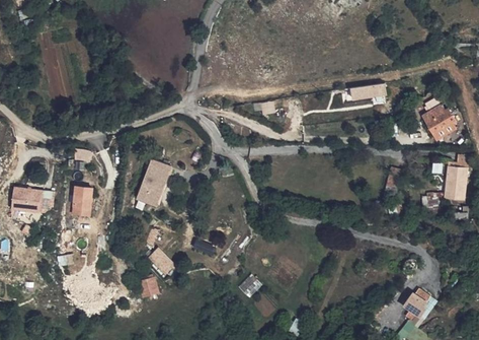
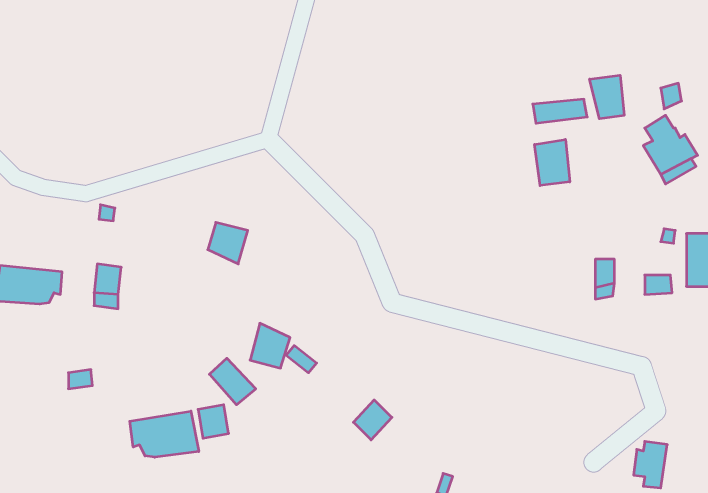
building: none -> [590,75,624,119]
building: none -> [535,139,570,186]
building: [139,178,164,206] -> [250,323,290,368]
building: none -> [130,411,199,457]

